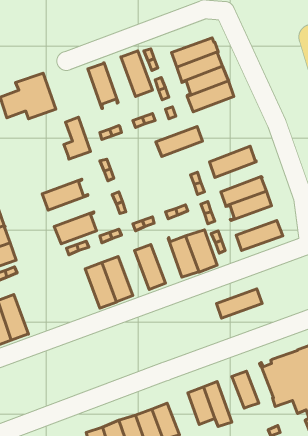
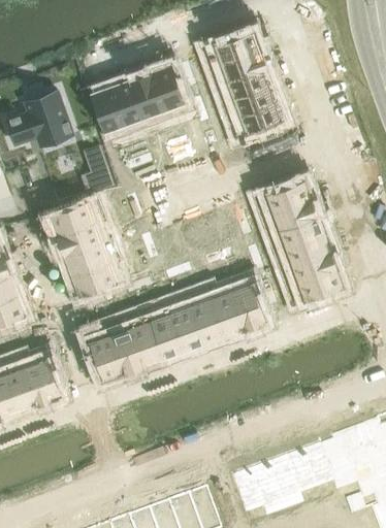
building: none -> [203,31,259,67]
building: none -> [130,72,167,127]
building: none -> [89,87,127,141]
building: [156,126,202,157] -> [262,198,318,234]
building: none -> [49,198,103,236]
building: none -> [63,238,118,275]
building: none -> [186,290,223,343]
building: none -> [147,304,184,358]
building: none -> [85,326,125,381]
building: [216,289,262,318] -> [282,251,336,286]
building: none -> [22,354,61,404]
building: none -> [300,442,332,487]
building: none -> [265,455,301,509]

